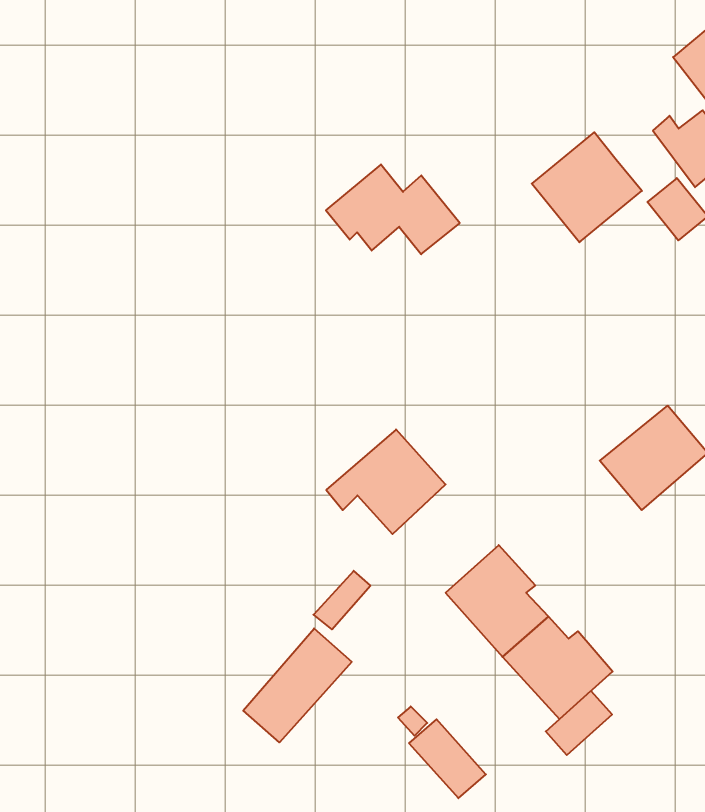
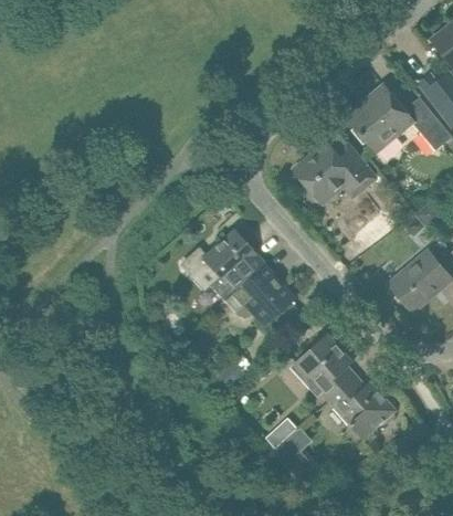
building: [326,164,460,254] -> [295,143,376,197]
building: none -> [182,229,265,301]
building: [243,628,352,742] -> none
building: [546,691,612,755] -> none

